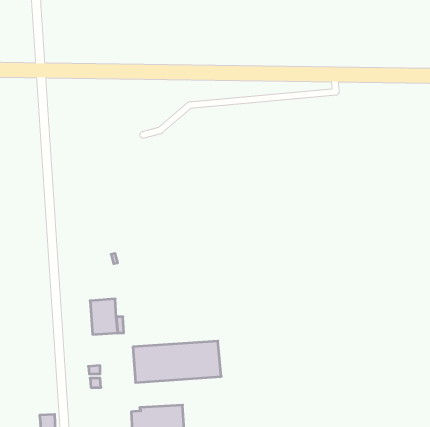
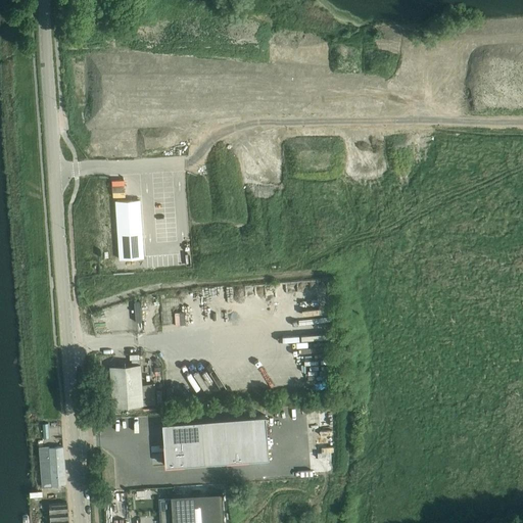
building: none -> [115,203,143,265]
building: none -> [38,449,65,490]

